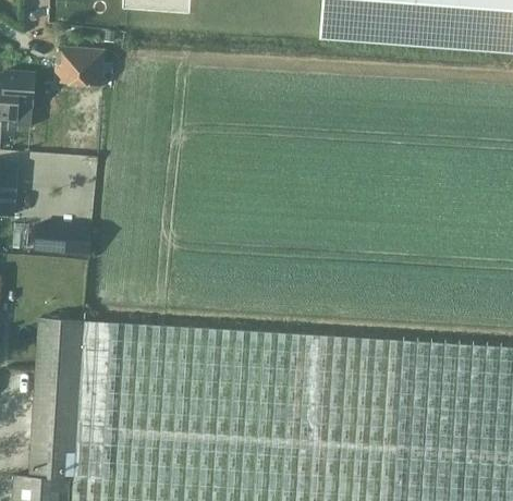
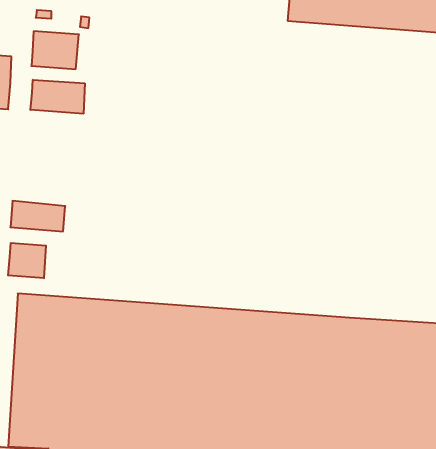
building: none -> [30,80,85,114]
building: none -> [8,243,46,278]

